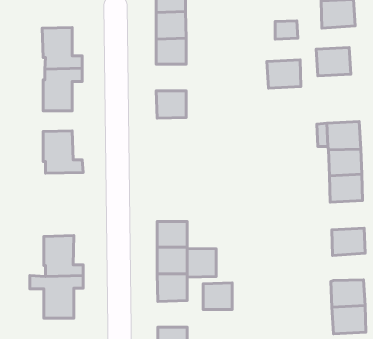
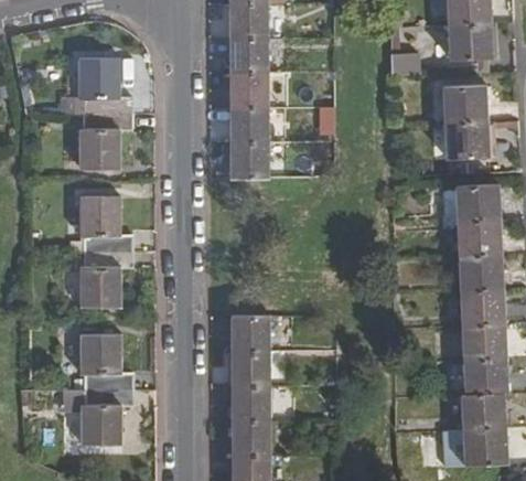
building: [267,60,301,88] -> [443,120,489,158]
building: none -> [229,107,269,142]
building: none -> [79,250,132,307]
building: none -> [460,288,505,327]
building: [187,248,216,277] -> none
building: none -> [463,357,508,394]
building: [203,283,232,310] -> [232,420,270,456]

